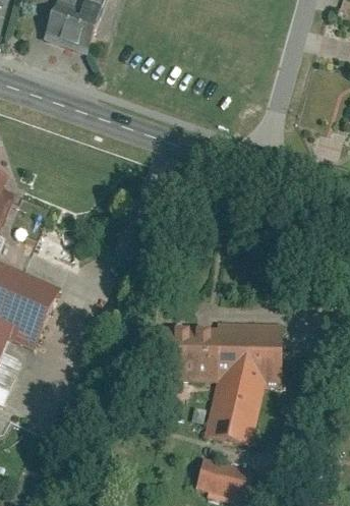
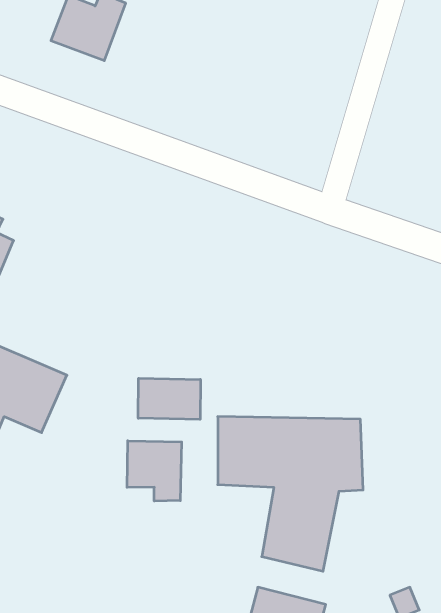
building: none -> [138,378,200,419]
building: none -> [127,441,182,501]

